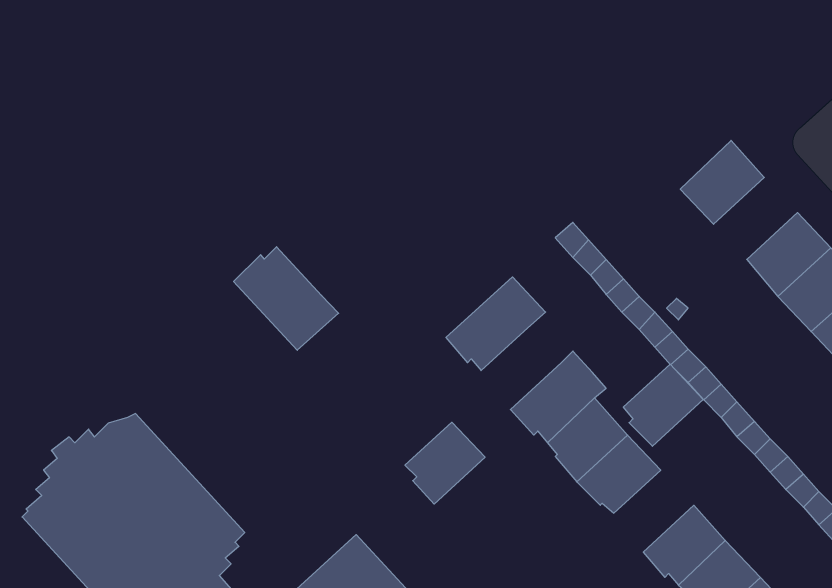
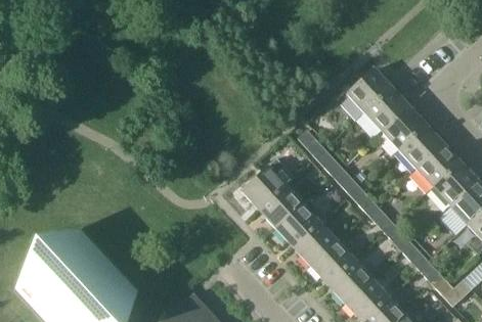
building: none -> [347,68,391,112]
building: none -> [382,106,426,149]
building: [234,247,339,350] -> none
building: [623,364,703,446] -> [330,260,371,303]
building: [405,422,485,504] -> [260,185,302,228]

